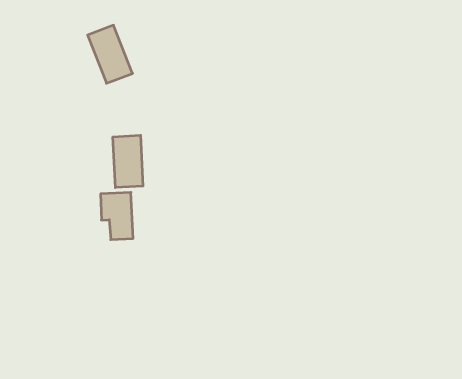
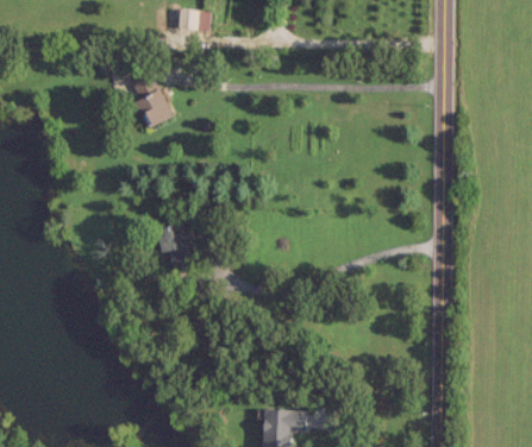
building: [113,135,143,188] -> none

